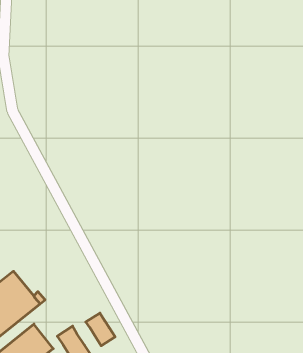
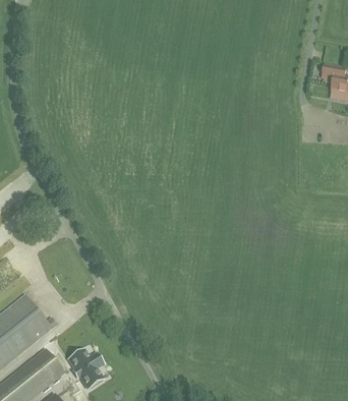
building: [86,313,115,346] -> none

